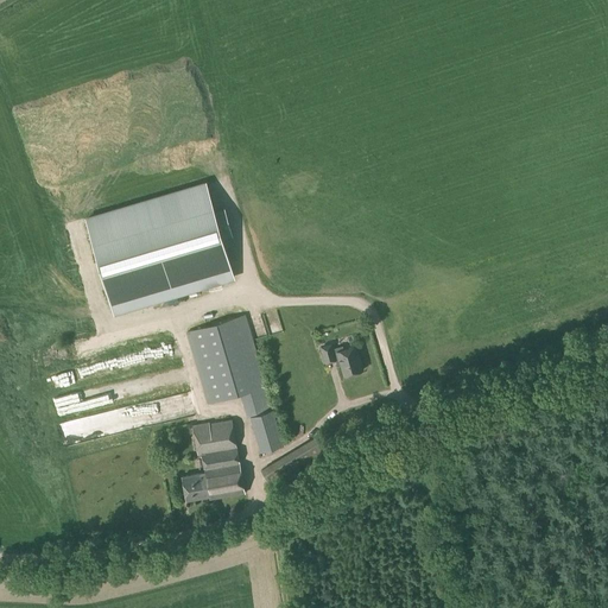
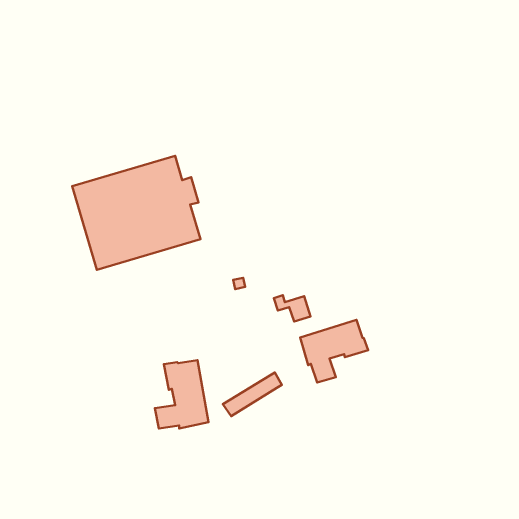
building: [185,316,283,454] -> none
building: none -> [300,320,368,383]

